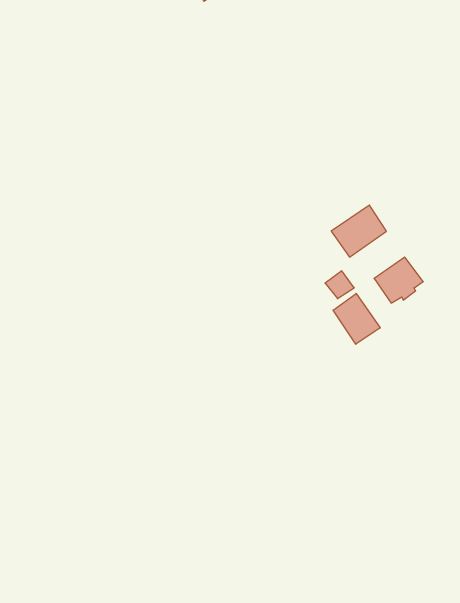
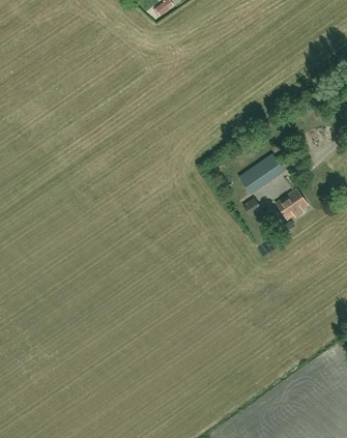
building: [333,293,380,344] -> none

